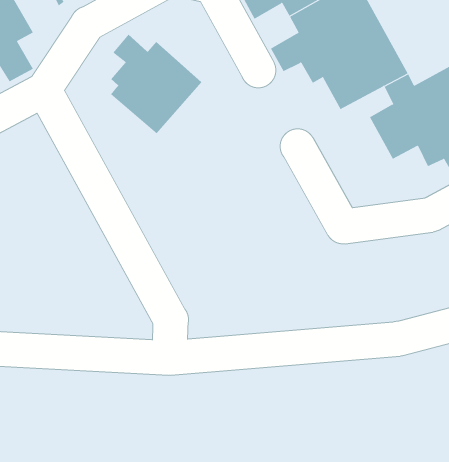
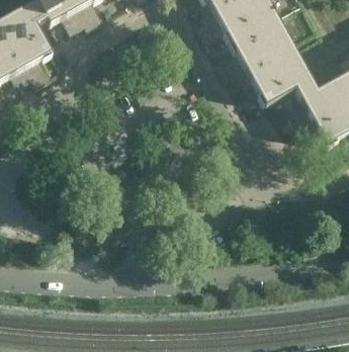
building: [110,34,202,134] -> none

